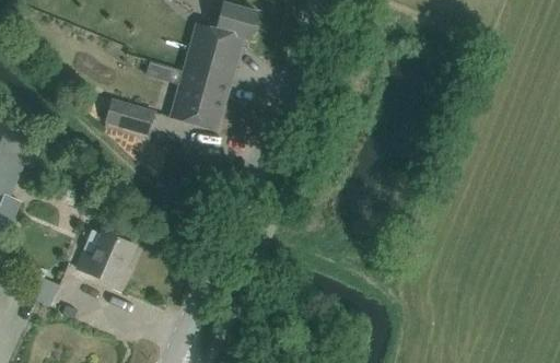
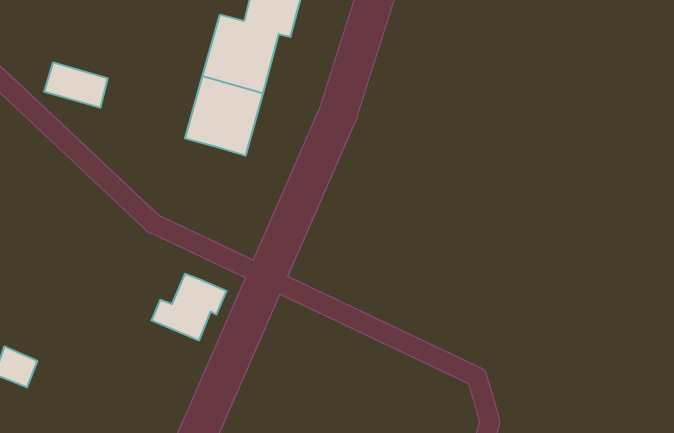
building: [106,99,154,133] -> [44,63,108,108]
building: [78,233,135,283] -> [151,274,227,340]

